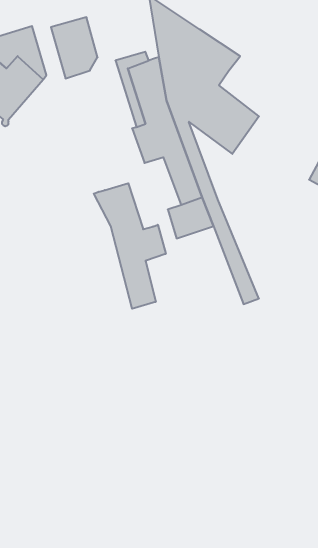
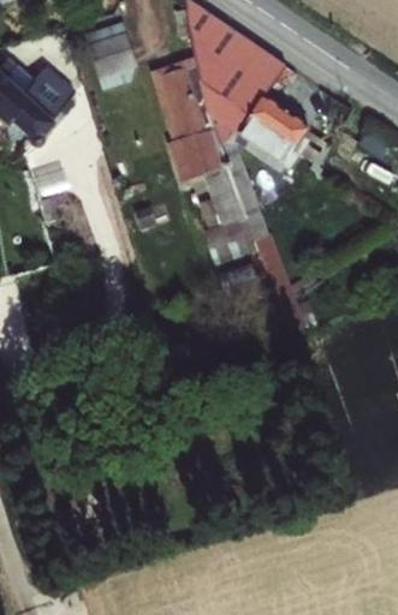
building: [94,183,166,309] -> none

